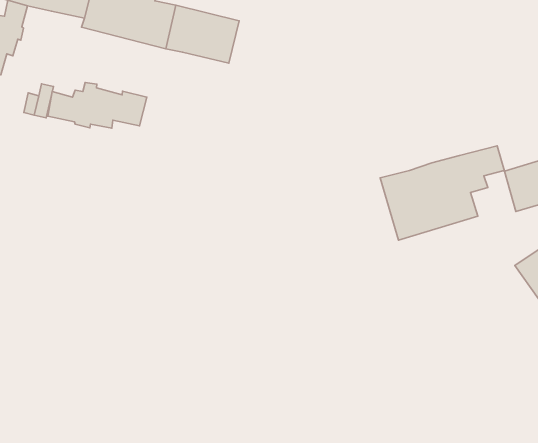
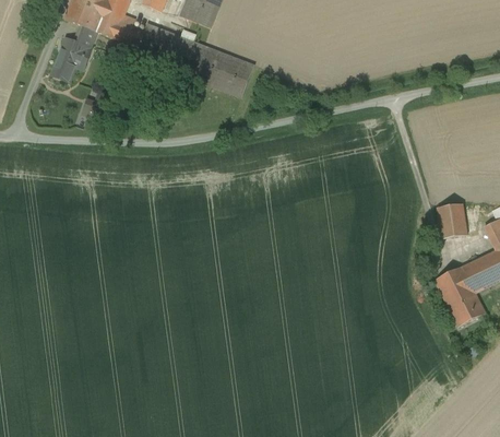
building: [48,82,147,128] -> none
building: [380,146,504,240] -> none

